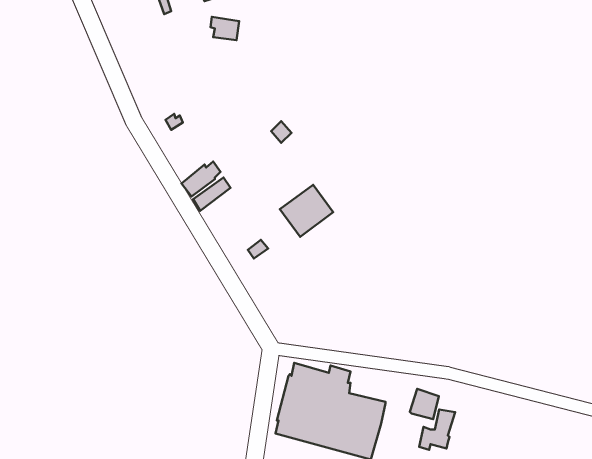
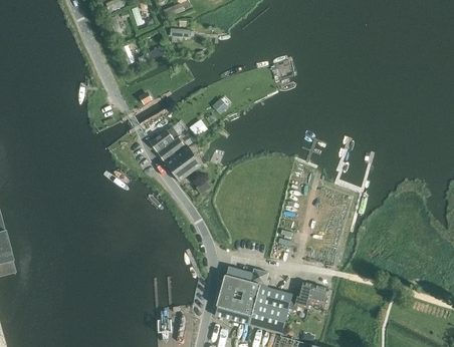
building: [280,185,333,237] -> [165,146,202,183]
building: [419,409,455,450] -> [288,283,313,311]

